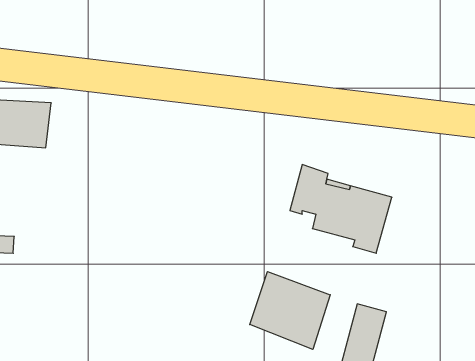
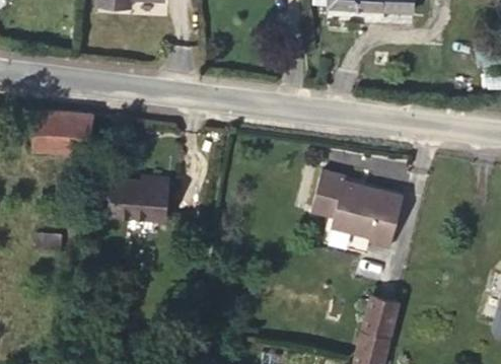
building: none -> [113,176,169,220]
building: [250,272,330,349] -> none

